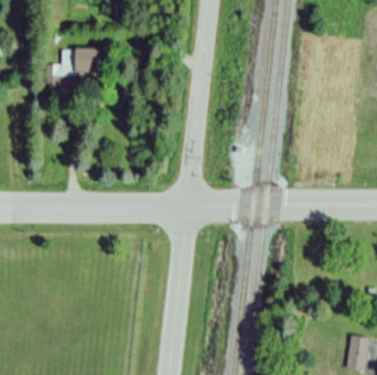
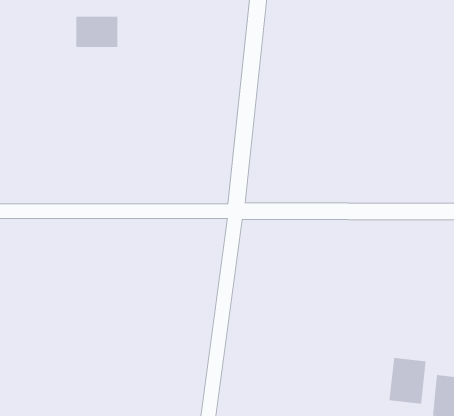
building: none -> [389,357,426,405]

